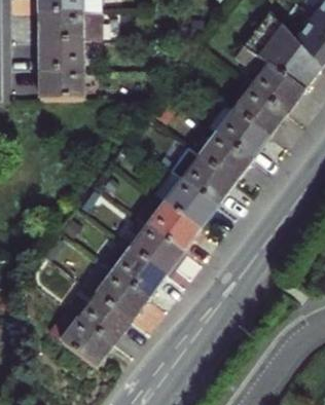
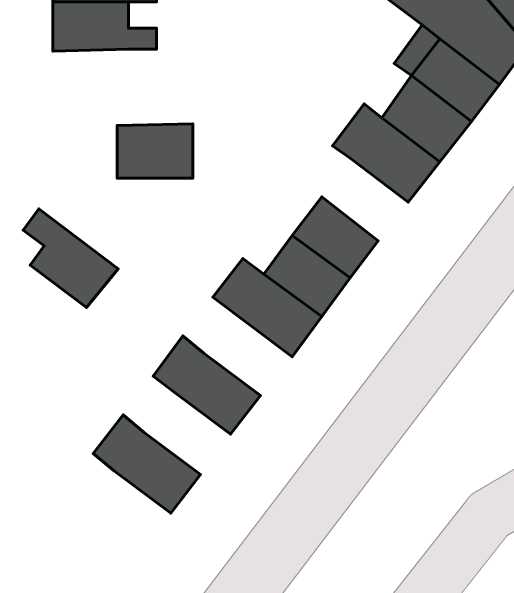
building: [40,69,84,101] -> [117,124,193,178]
building: [197,133,248,181] -> none
building: [124,214,180,271] -> [23,209,118,307]
building: [94,269,144,318] -> none
building: [58,316,109,365] -> none

